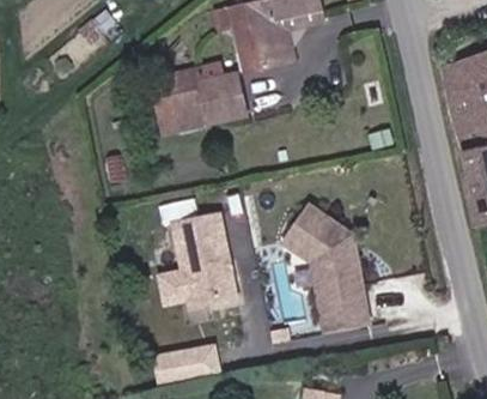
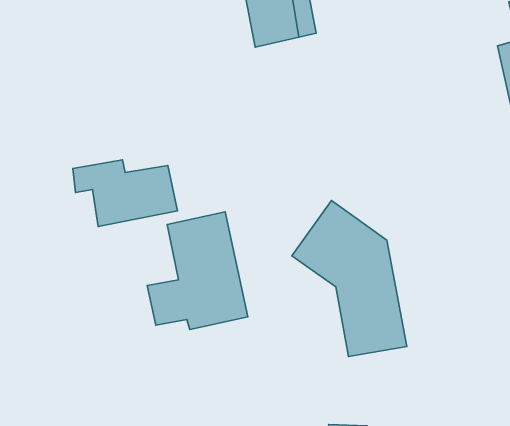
building: [153,68,242,125] -> [73,160,178,227]
building: [150,344,219,383] -> none

